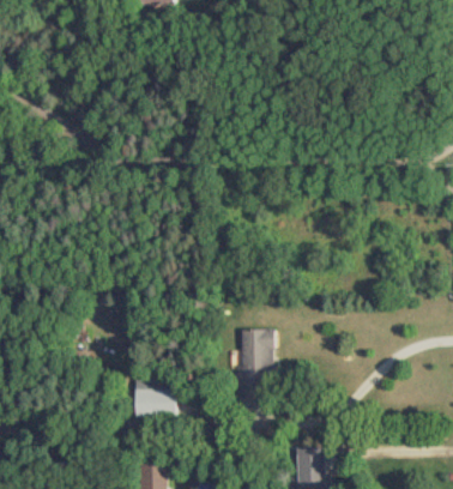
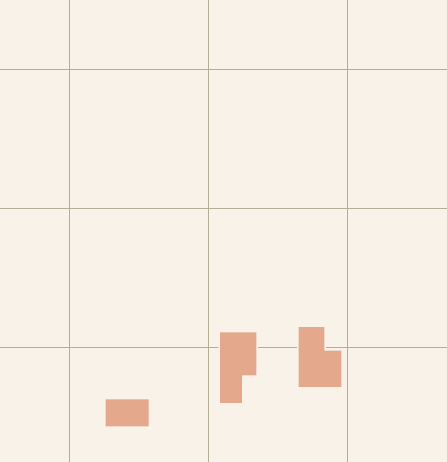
building: none -> [298,326,342,388]

